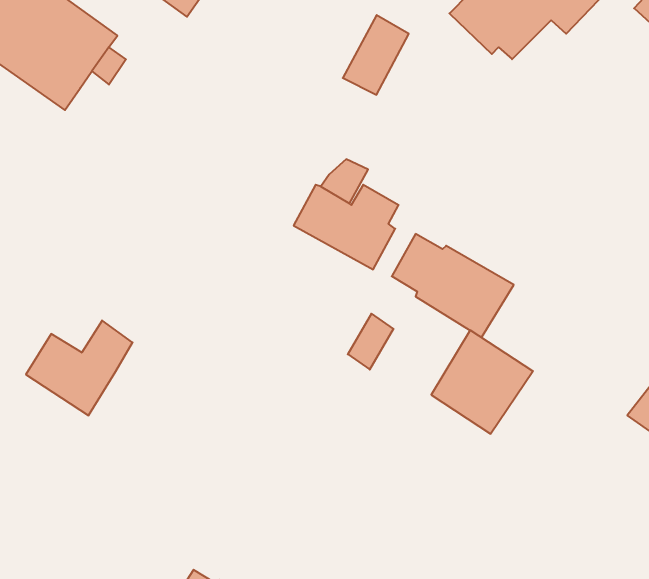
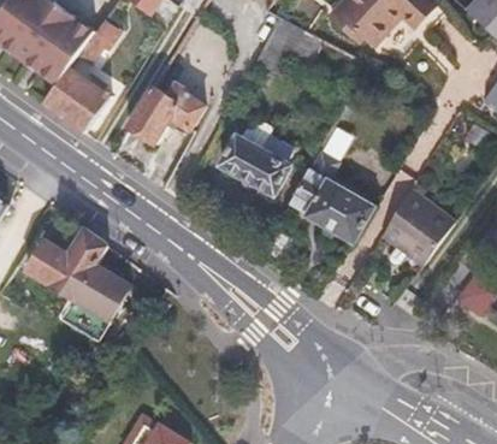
building: none -> [45,67,108,131]
building: none -> [128,79,205,144]
building: [431,330,533,434] -> [383,190,455,264]
building: none -> [61,268,128,341]

